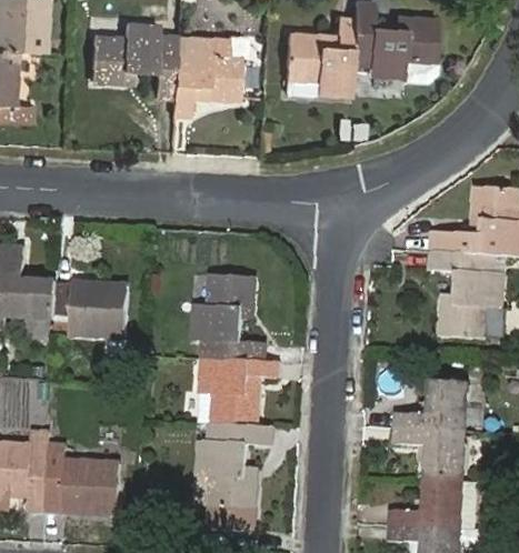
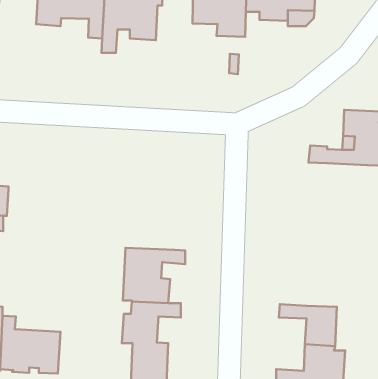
building: [430,251,503,339] -> none
building: [192,273,265,360] -> none
building: [54,282,129,336] -> none
building: [395,380,468,431] -> none

